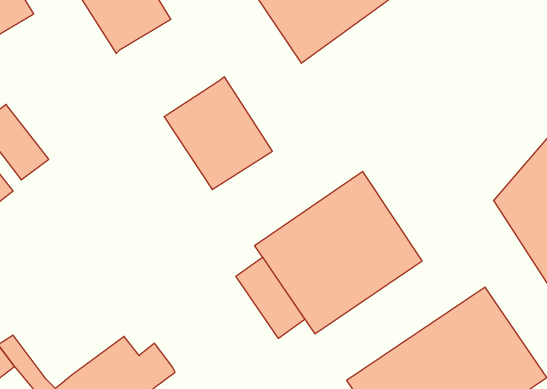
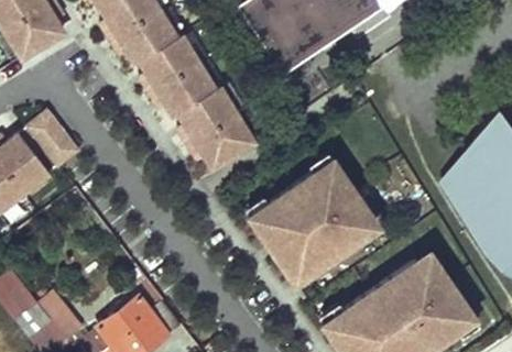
building: none -> [139,36,218,121]
building: [236,257,305,338] -> none

